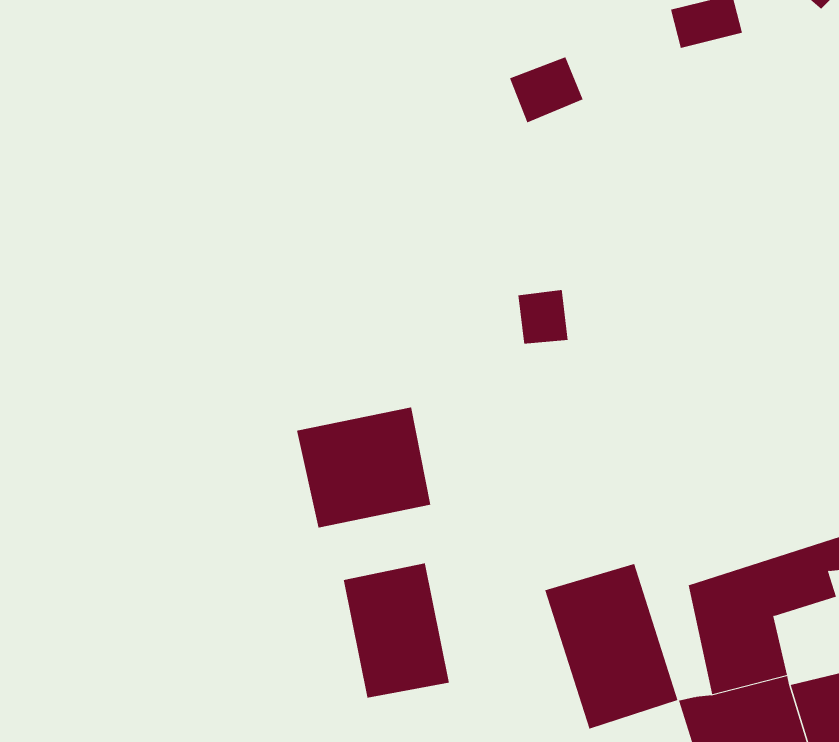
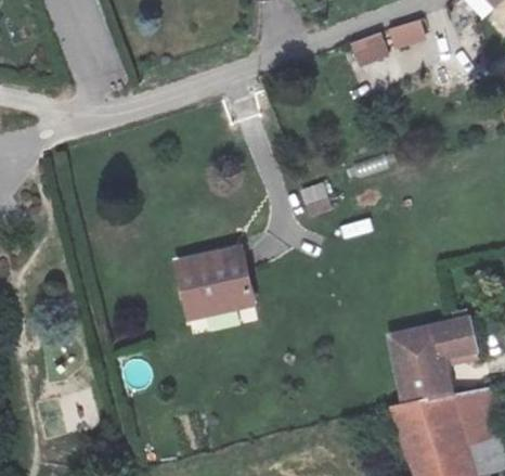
building: [509,57,584,123] -> [346,30,387,67]
building: [343,563,450,698] -> none
building: [545,563,678,729] -> none

